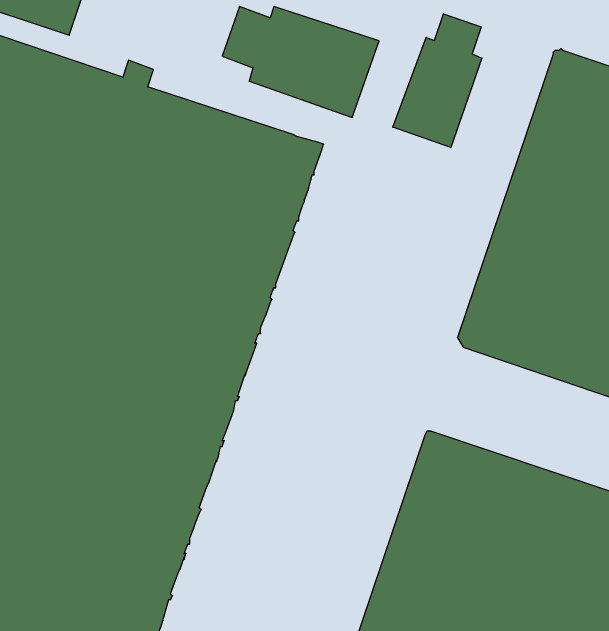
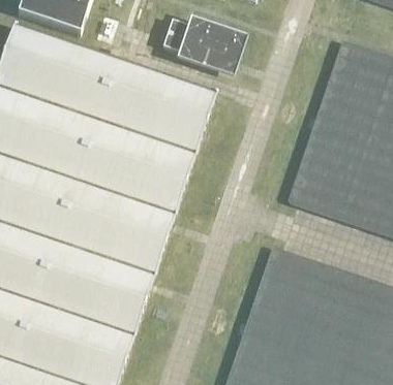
building: [393,14,482,148] -> none

